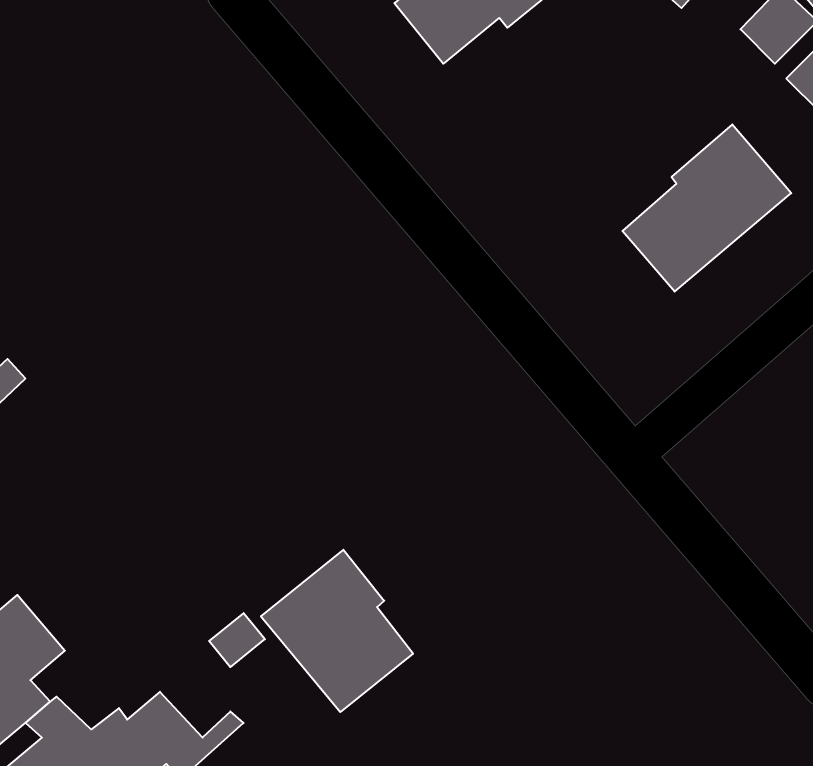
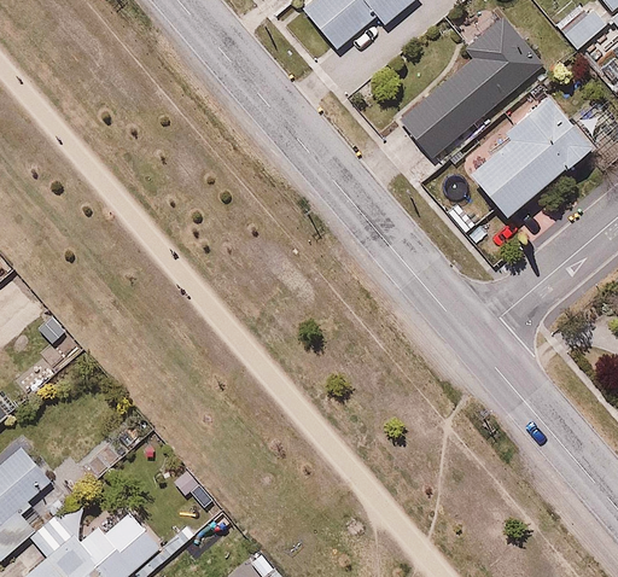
building: none -> [400,14,543,157]
building: [261,550,413,712] -> none

